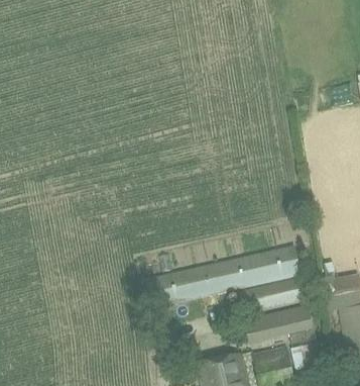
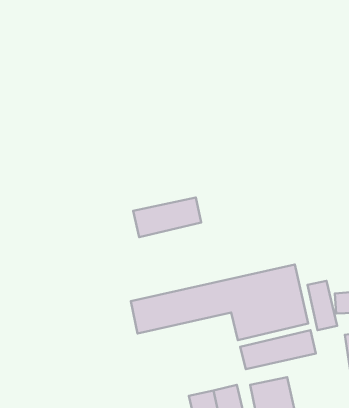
building: none -> [133,197,201,237]
building: none -> [308,281,337,330]

